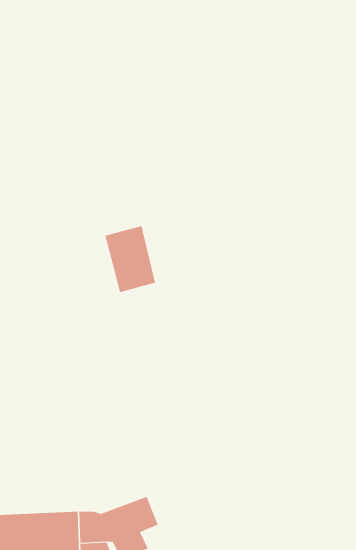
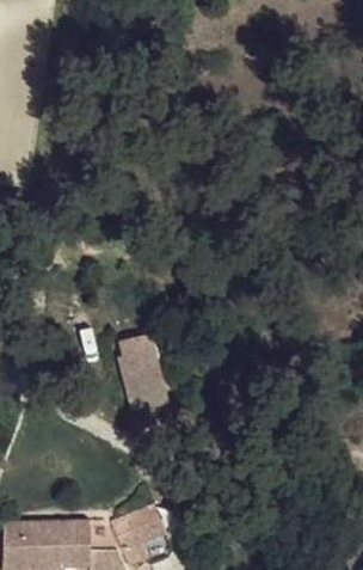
building: [105,225,156,293] -> [121,347,170,411]

